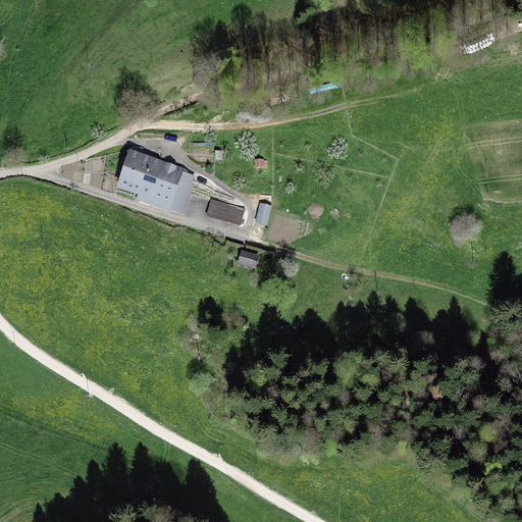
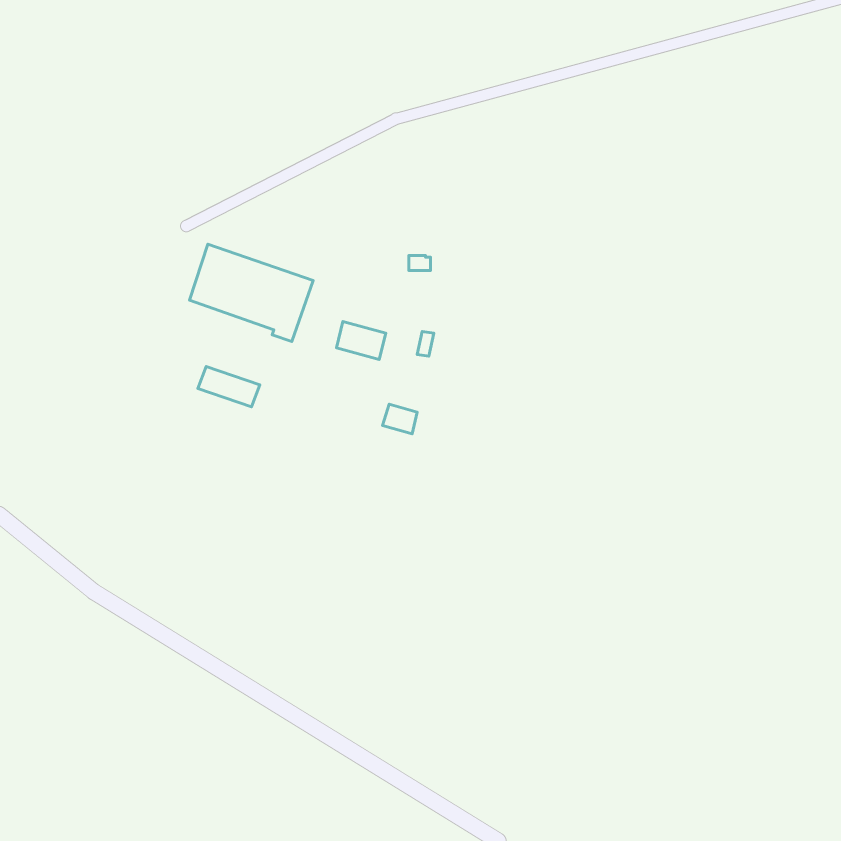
building: none -> [198,367,260,407]

